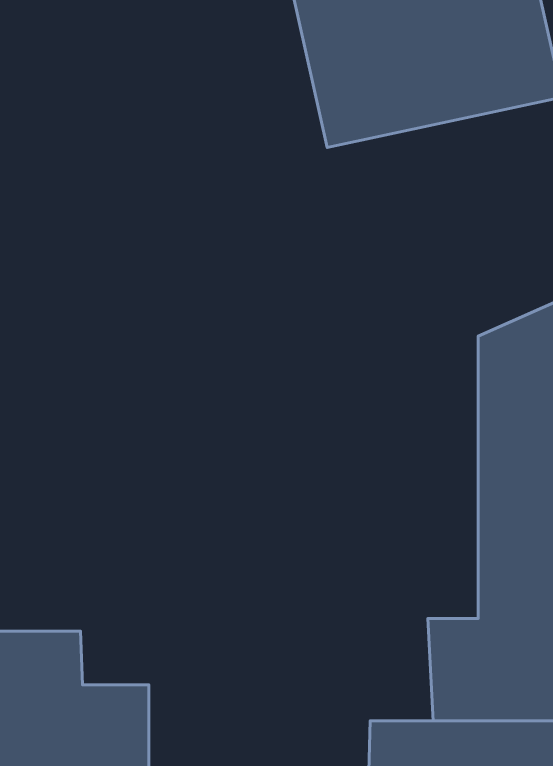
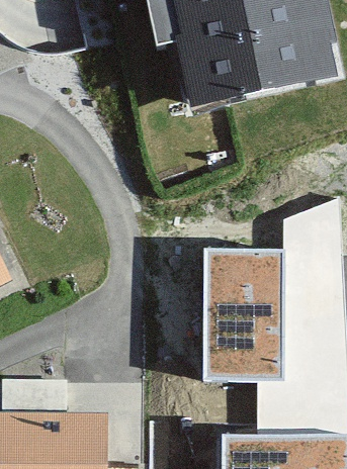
building: none -> [206,246,285,378]

